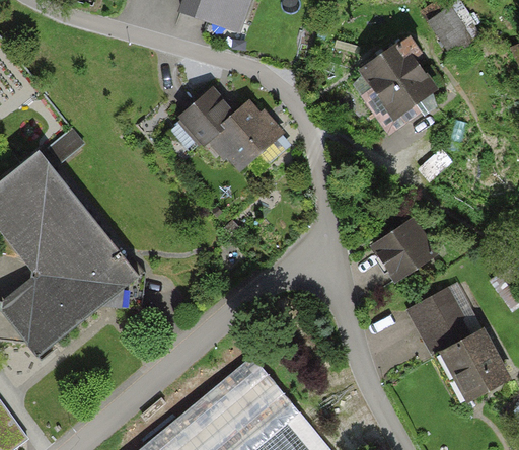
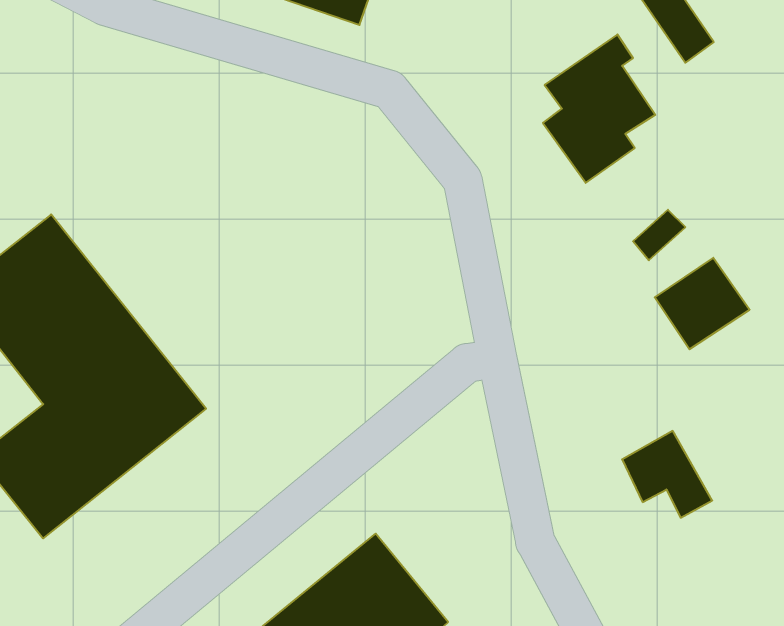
building: [177,87,281,170] -> none
building: [371,218,432,277] -> [655,258,750,349]
building: [434,329,504,395] -> none

